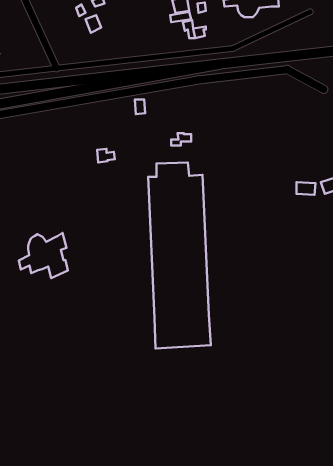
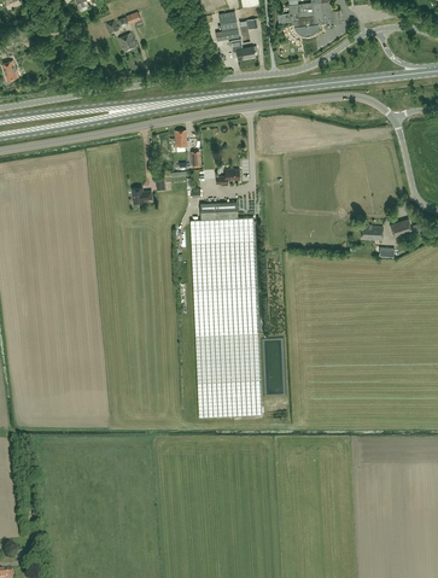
building: [19,233,68,278] -> none

